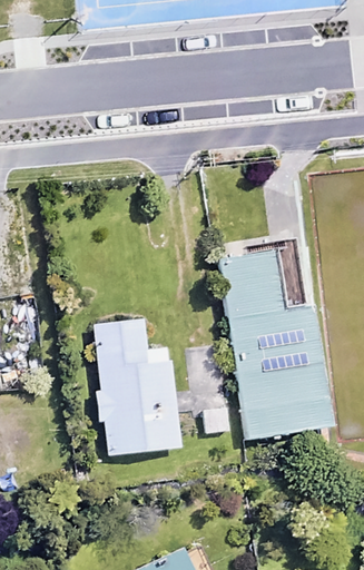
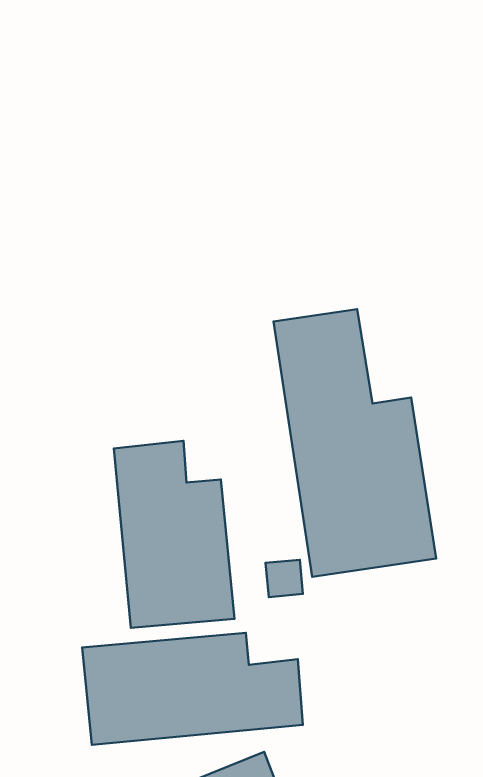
building: none -> [82,633,303,745]

